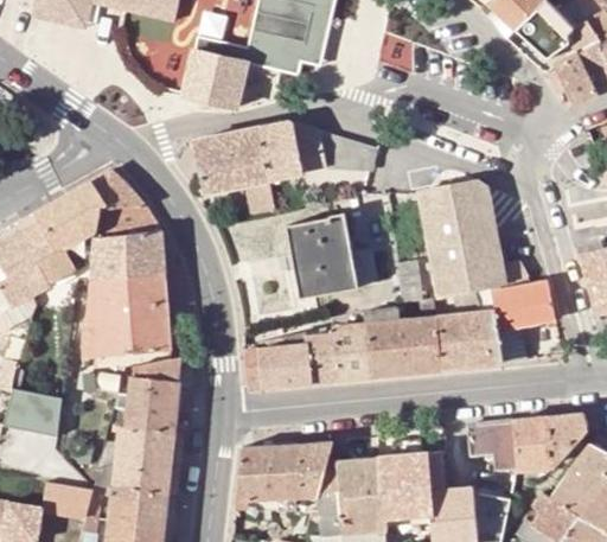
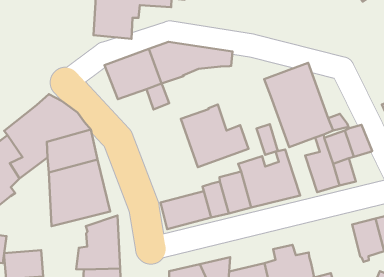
building: [435,312,469,368] -> none
building: [467,420,517,467] -> none

